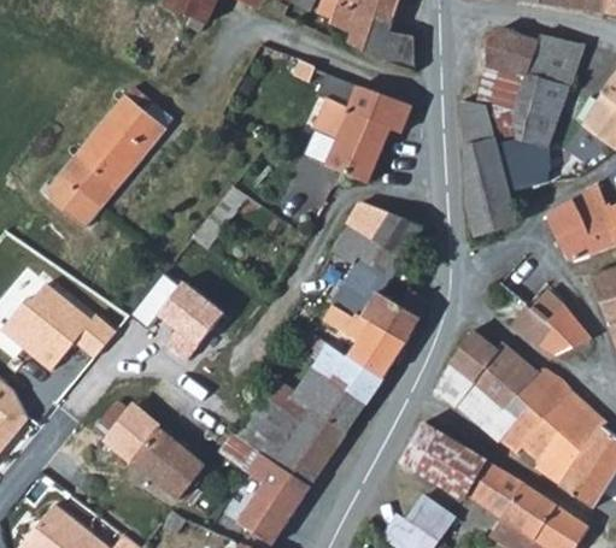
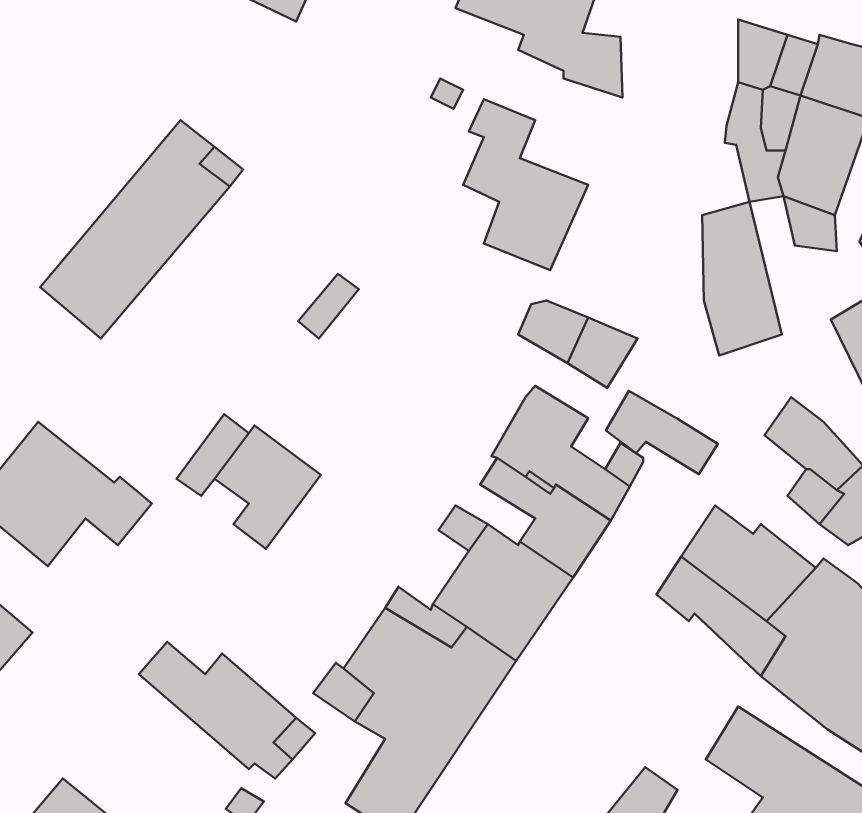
building: [348,88,411,134] -> none
building: [464,100,494,148] -> none
building: [333,224,404,277] -> [606,391,718,474]
building: [93,400,159,440] -> none
building: [401,423,487,500] -> none

